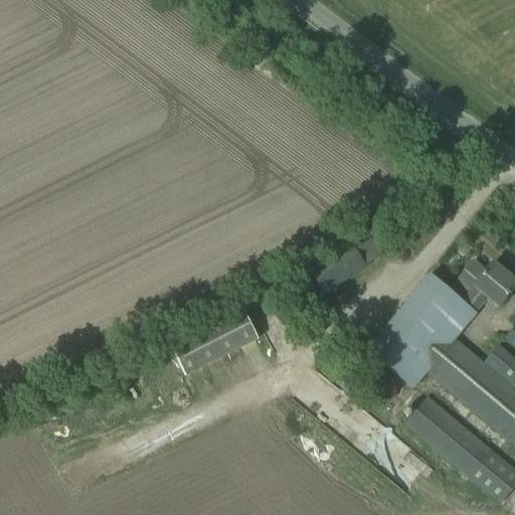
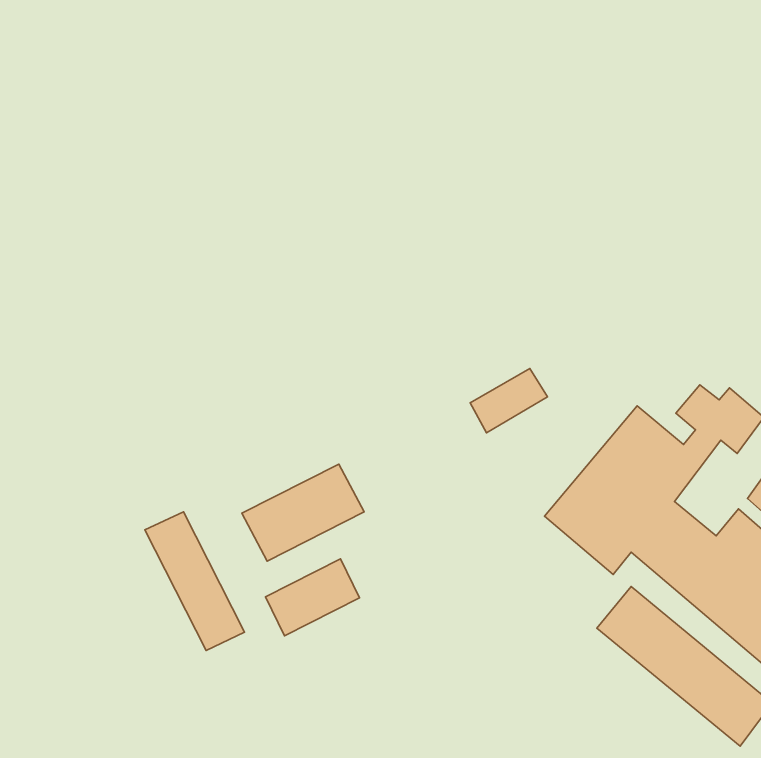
building: none -> [145,512,245,650]
building: none -> [265,559,359,636]

